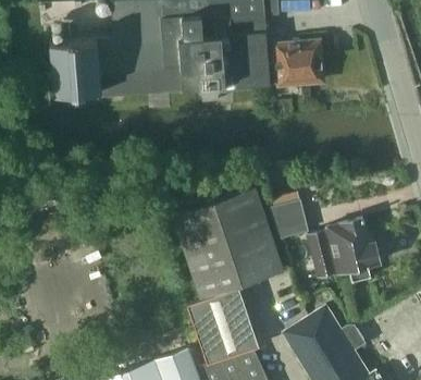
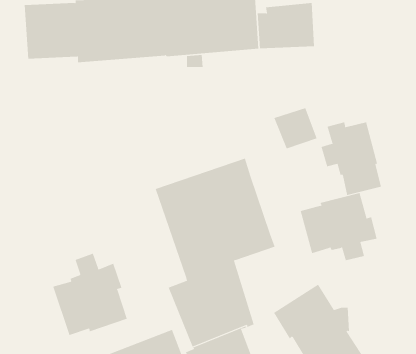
building: none -> [321,121,382,196]
building: [270,199,311,238] -> [273,107,317,149]
building: none -> [53,253,128,336]

